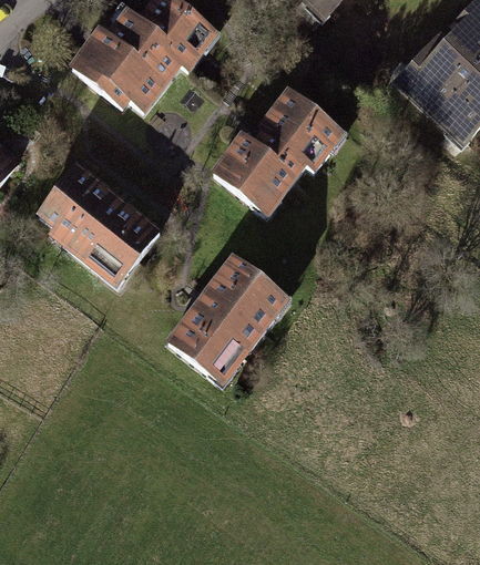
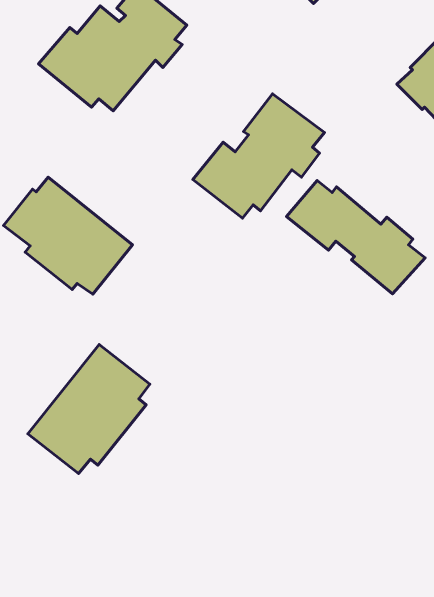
building: none -> [287,180,425,294]
building: [167,258,279,377] -> [28,344,150,474]

